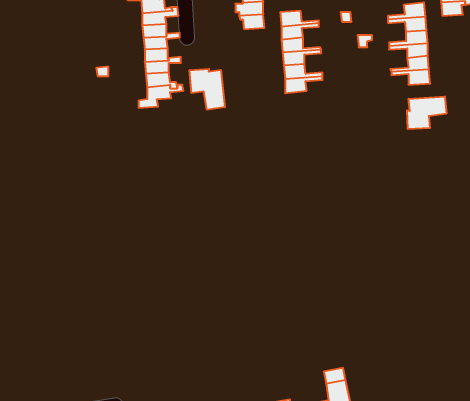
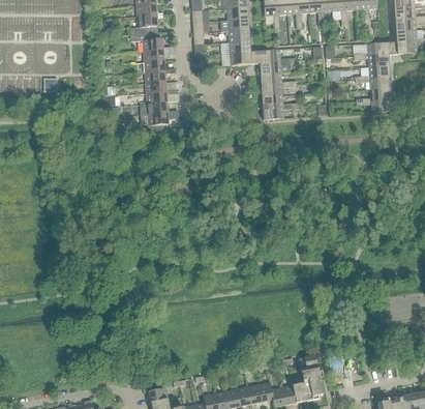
building: [189,69,225,110] -> none
building: [407,96,446,129] -> none

